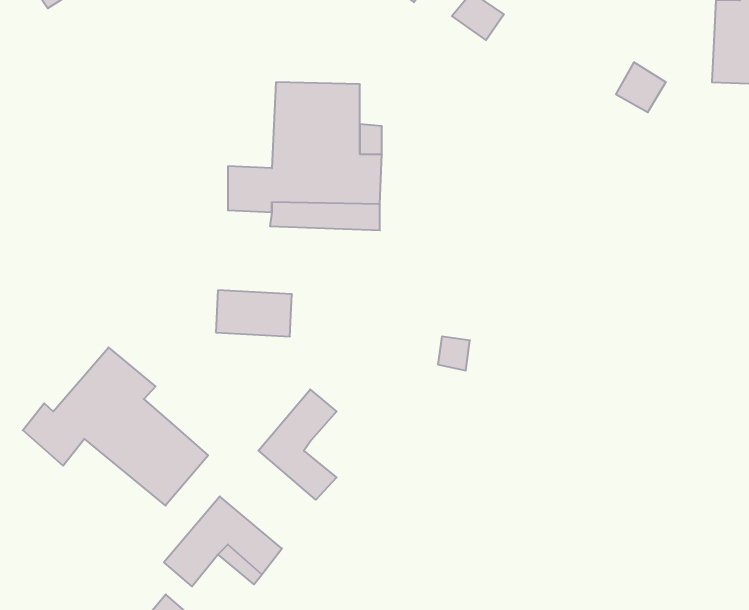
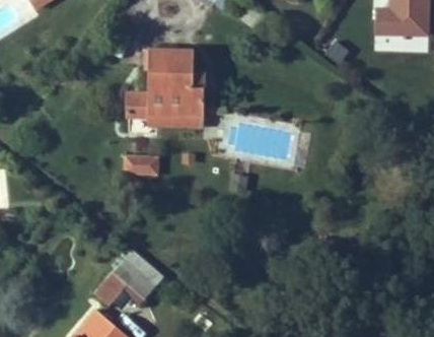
building: [23,347,208,506] -> none
building: [258,389,337,500] -> none

